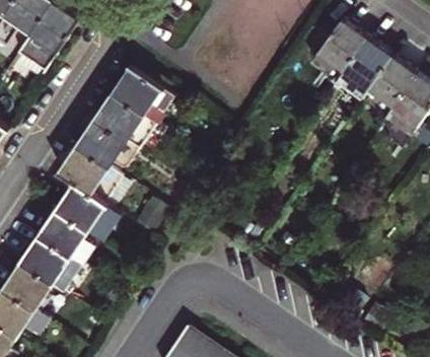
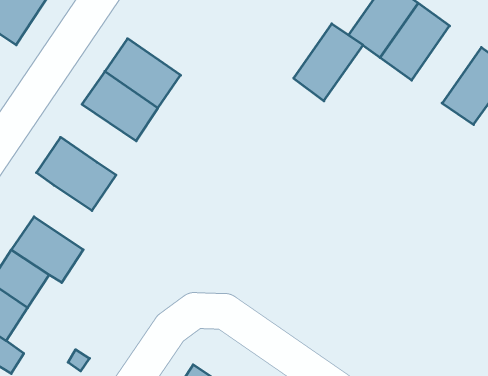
building: [360,56,416,118] -> [294,24,363,101]
building: [78,119,139,170] -> none
building: [57,184,119,239] -> none

